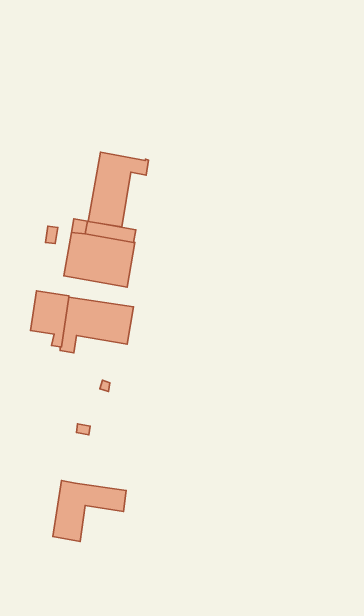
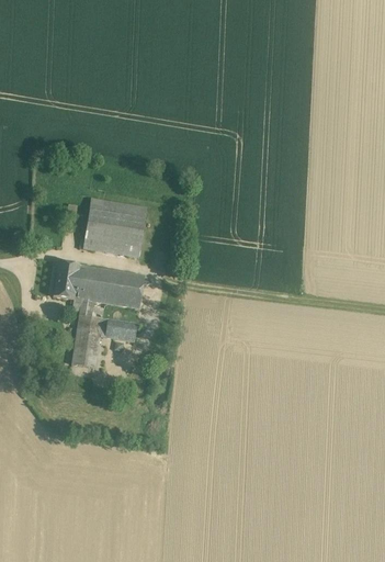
building: [88,152,149,227] -> none
building: [53,481,126,541] -> [72,314,137,368]

